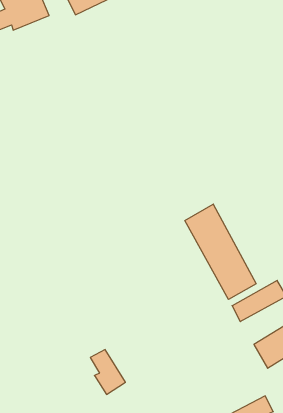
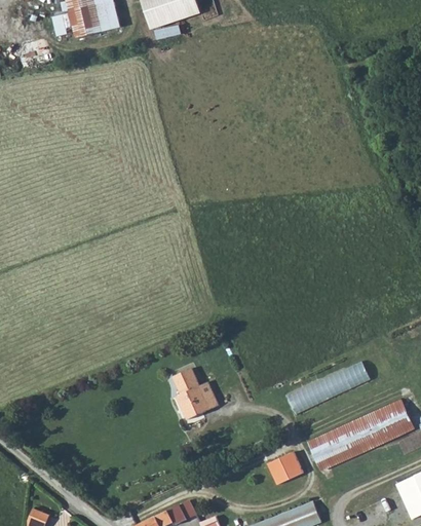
building: [185,204,256,299] -> none
building: [90,350,125,394] -> [173,366,209,418]
building: none -> [267,451,301,484]

